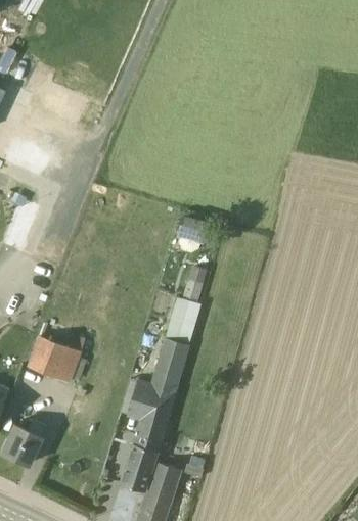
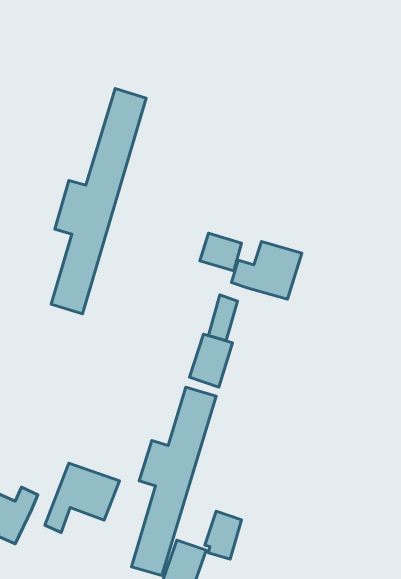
building: none -> [51,88,146,314]
building: none -> [232,241,302,299]
building: [19,336,80,392] -> [45,463,119,533]

